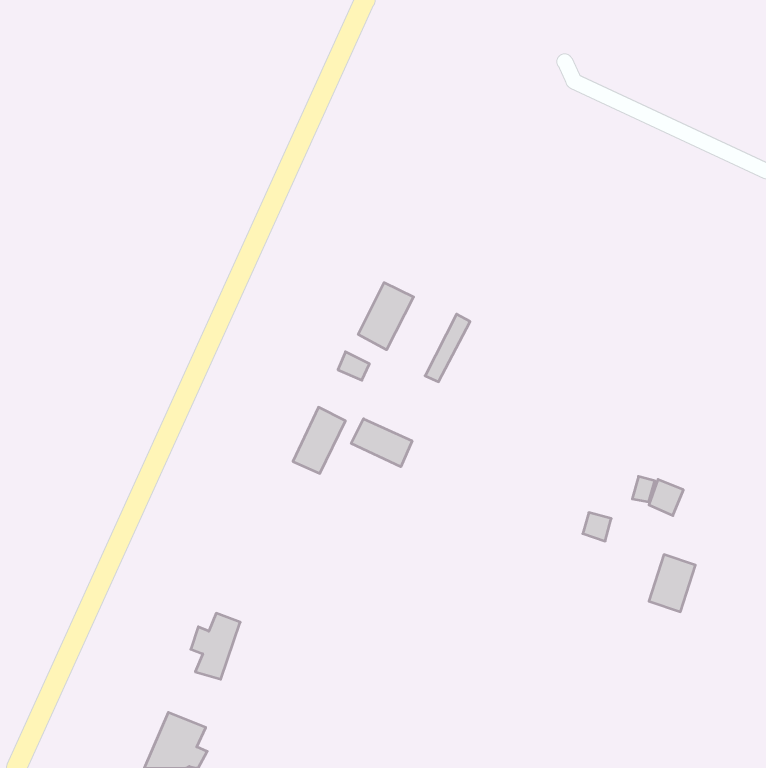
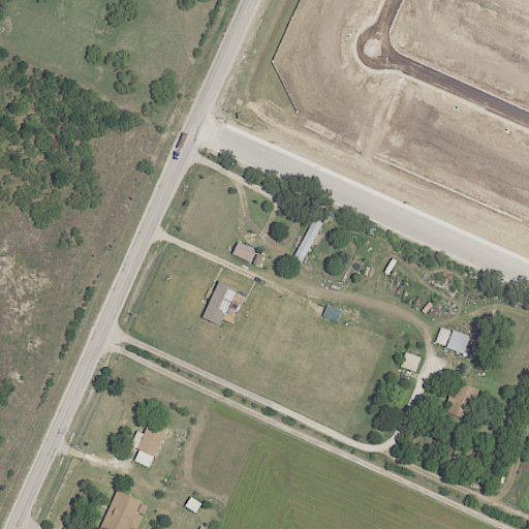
building: [358,283,414,350] -> none
building: [351,419,412,467] -> none

